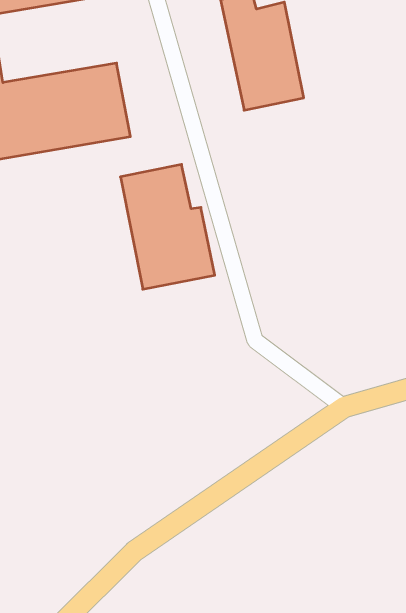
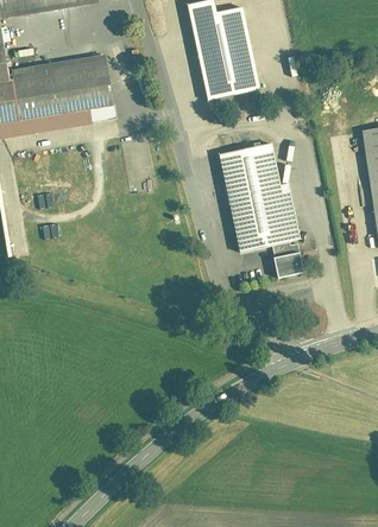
building: [120,164,215,289] -> [223,141,304,248]
building: none -> [269,254,300,278]

